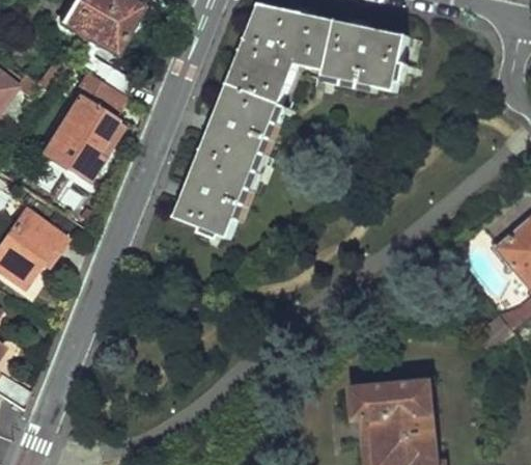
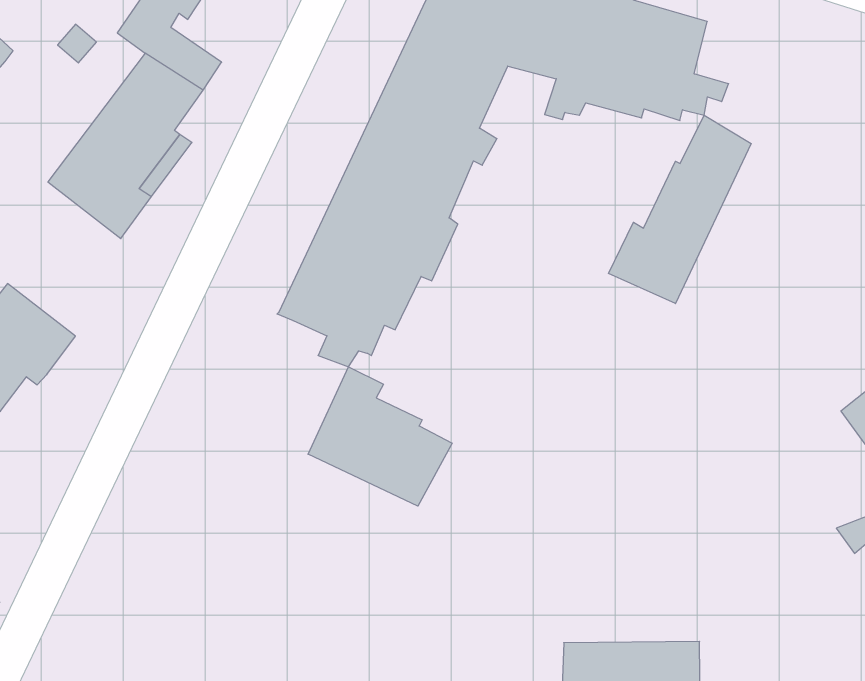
building: none -> [608,115,751,304]
building: none -> [308,367,452,506]

